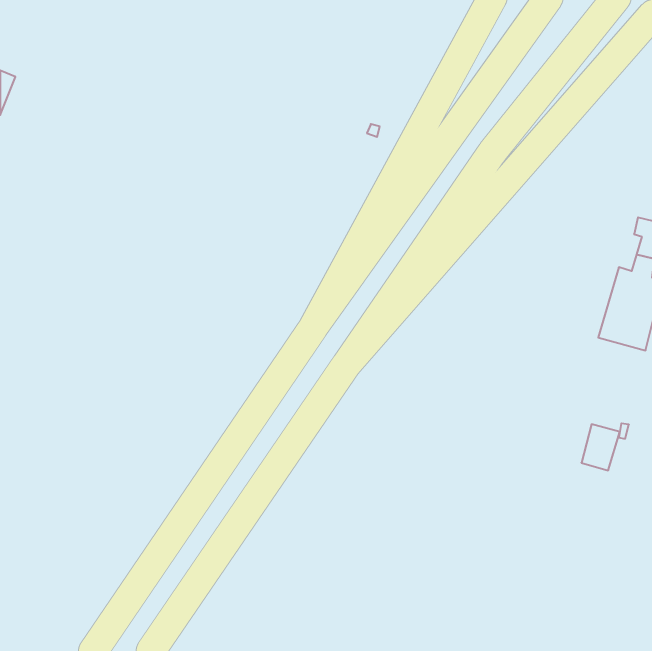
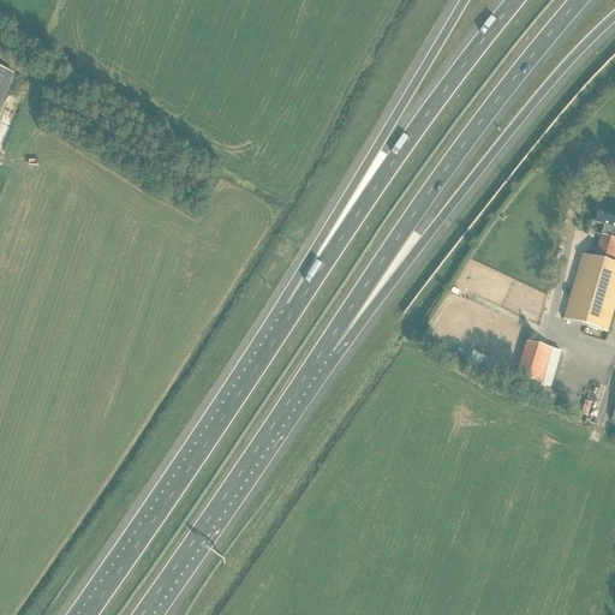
building: [581,424,620,470] -> [518,339,554,382]

